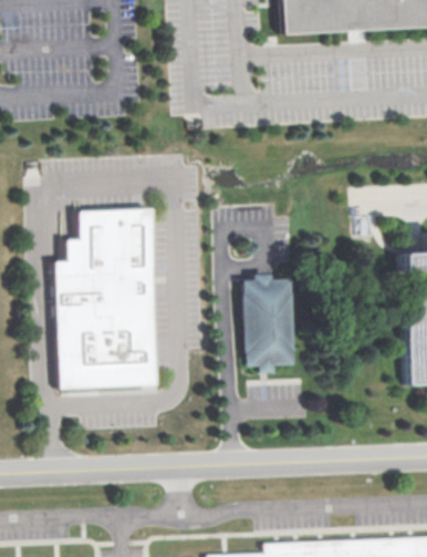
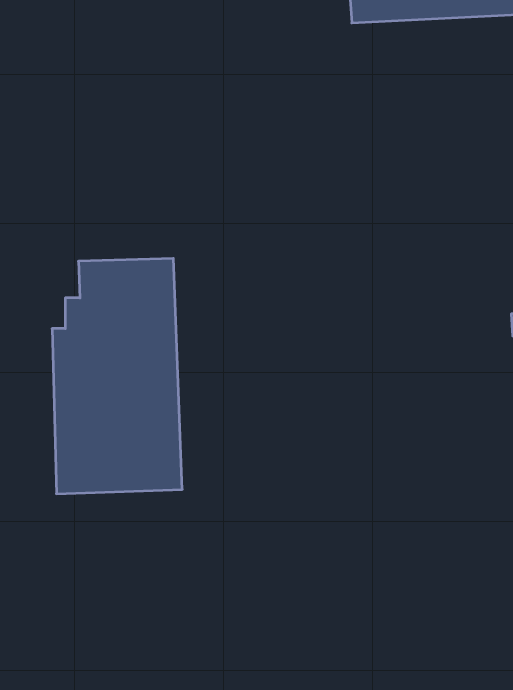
building: [251,275,298,371] -> none

